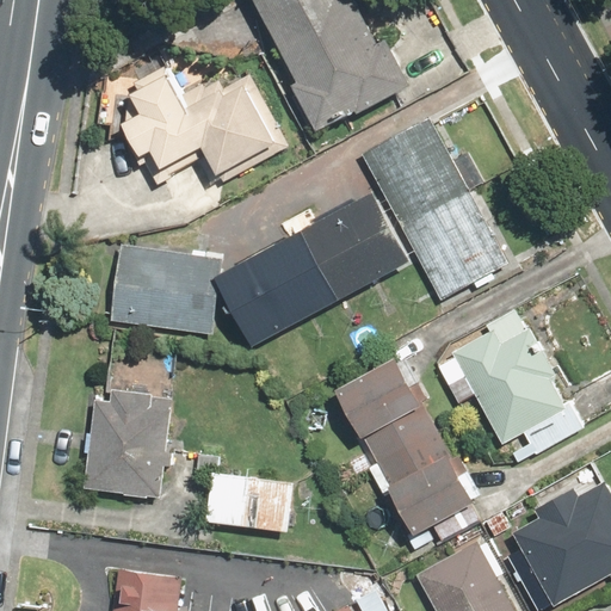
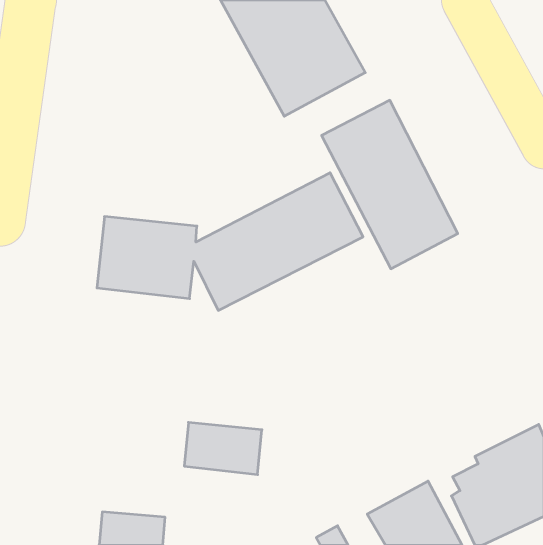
building: [119,60,291,187] -> none
building: [442,313,582,463] -> none
building: [332,358,482,554] -> none
building: [82,384,173,502] -> none

